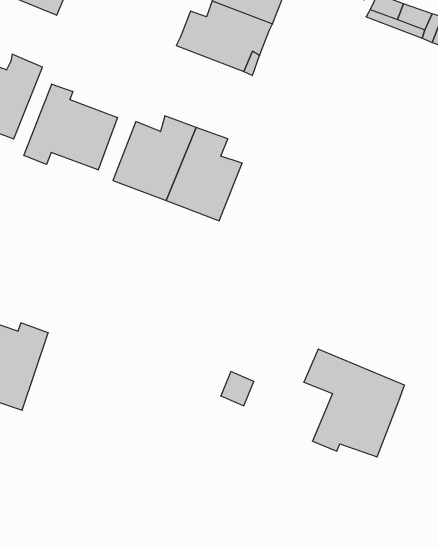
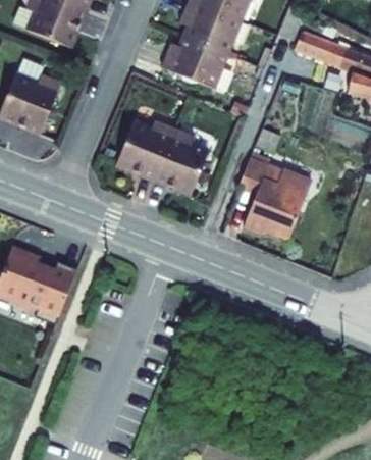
building: [24,84,117,170] -> none
building: [304,349,404,457] -> [240,162,311,239]

